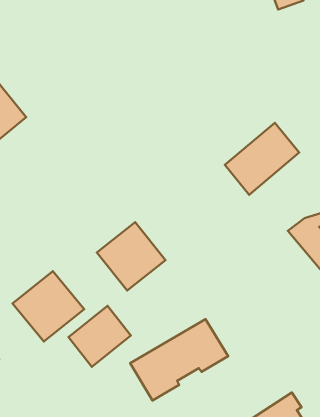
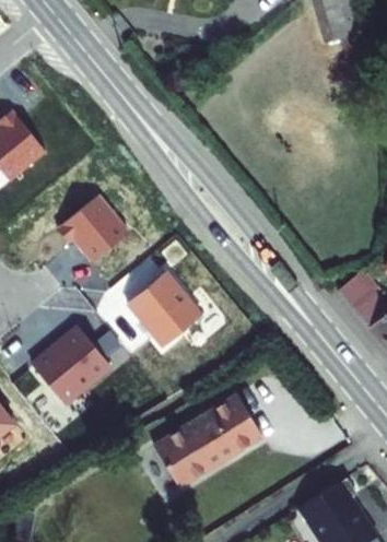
building: [225,123,299,195] -> none
building: none -> [58,199,128,264]
building: [69,306,131,367] -> none

